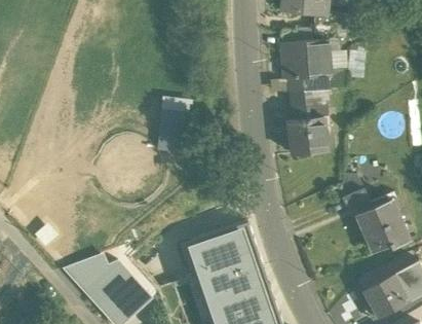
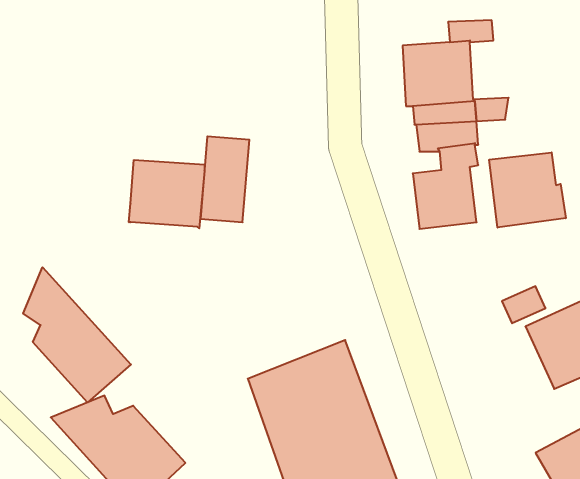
building: none -> [489,152,566,228]
building: none -> [129,160,204,228]
building: none -> [23,267,131,402]

